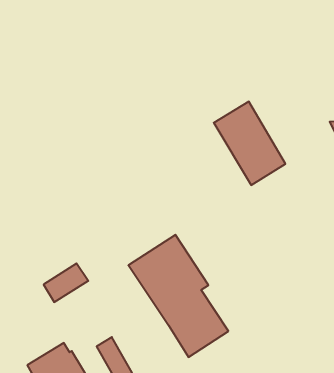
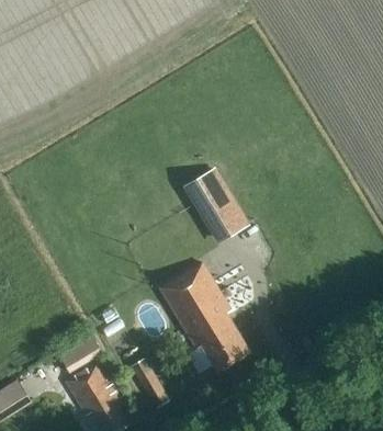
building: [214,102,285,185] -> [179,163,246,241]
building: [44,263,88,302] -> [59,337,101,373]

